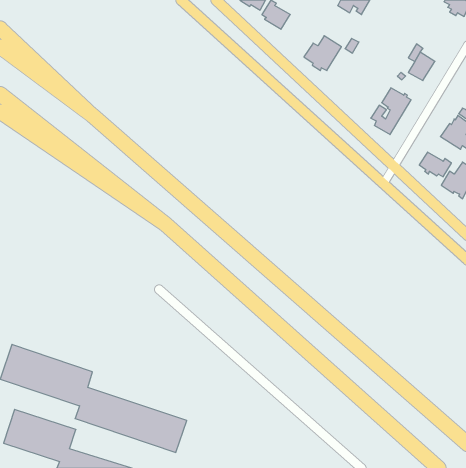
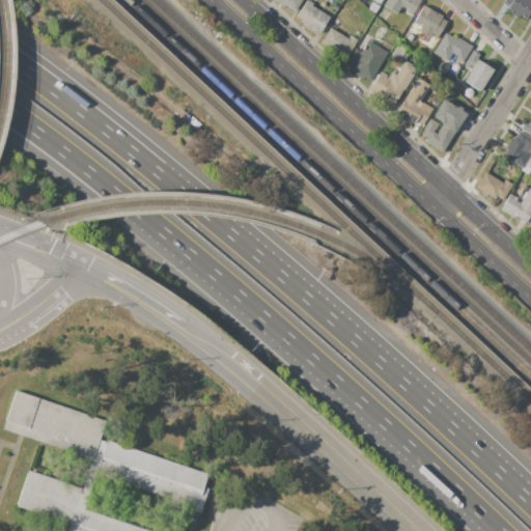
building: none -> [415,5,448,38]
building: none -> [323,28,359,58]
building: none -> [435,33,474,63]
building: none -> [376,60,419,97]
building: none -> [398,78,435,125]

